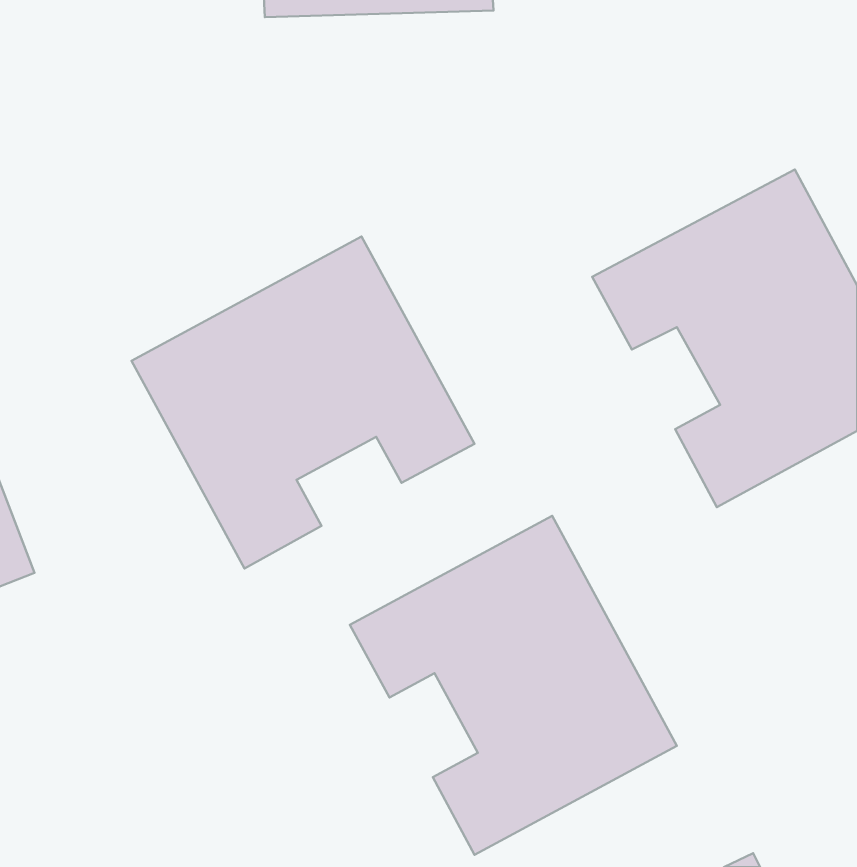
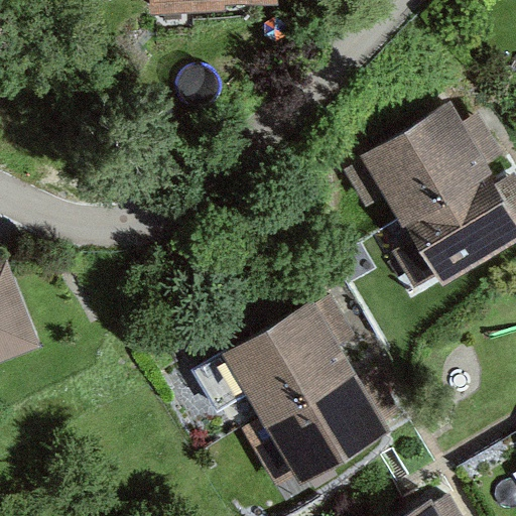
building: [131,236,474,568] -> none

